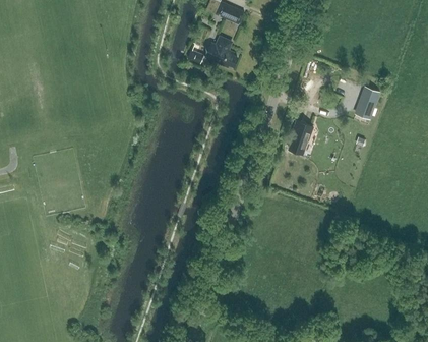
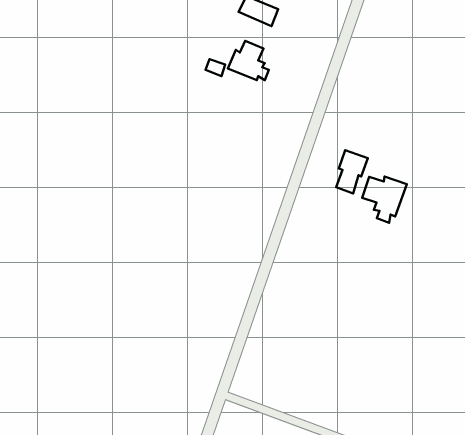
building: [356,87,379,116] -> none
building: none -> [362,176,407,223]

